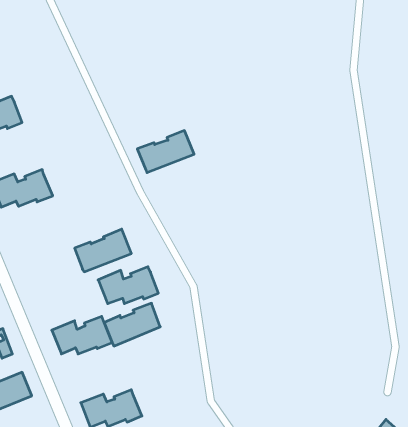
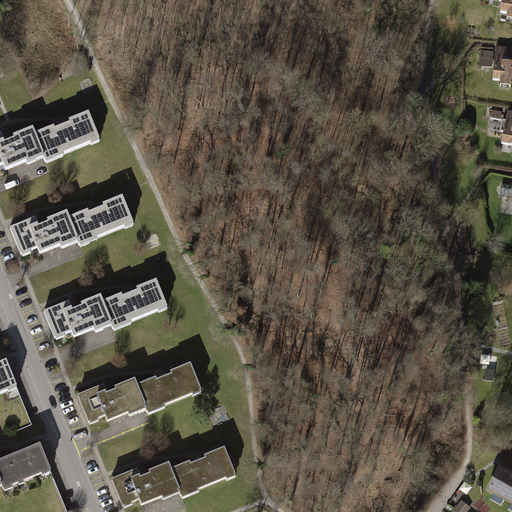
building: none -> [34,110,99,158]
building: [137,131,194,173] -> [68,194,133,242]
building: [98,267,158,304] -> [43,293,112,335]
building: none -> [170,446,235,494]

